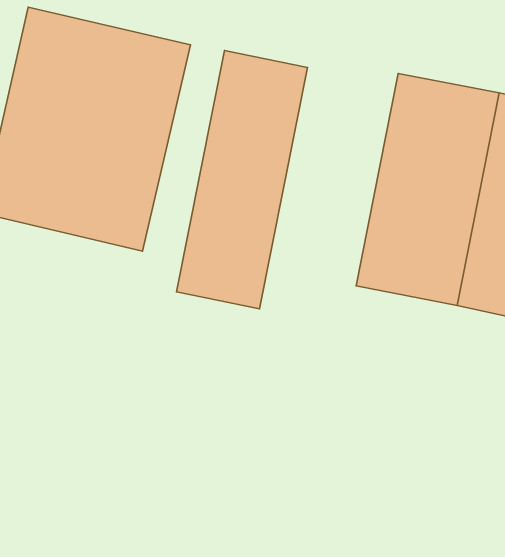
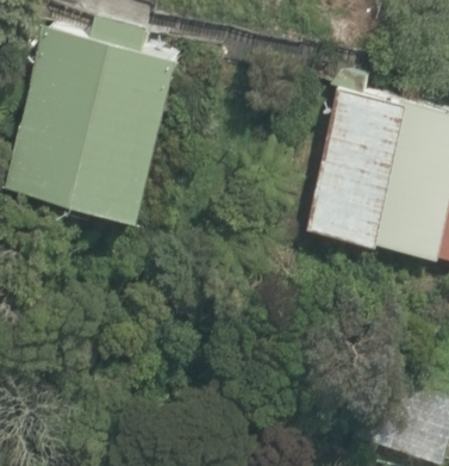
building: [176,50,307,309] -> none

